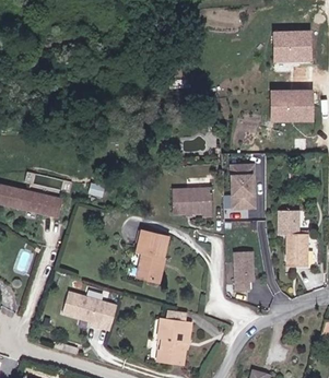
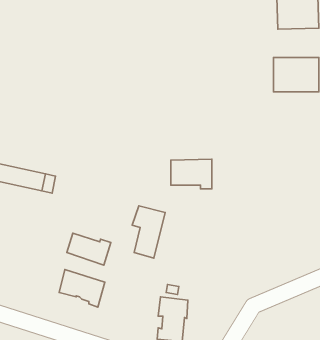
building: [230,164,256,209] -> none
building: [274,209,306,265] -> none
building: [233,250,254,290] -> none
building: none -> [67,233,111,265]

